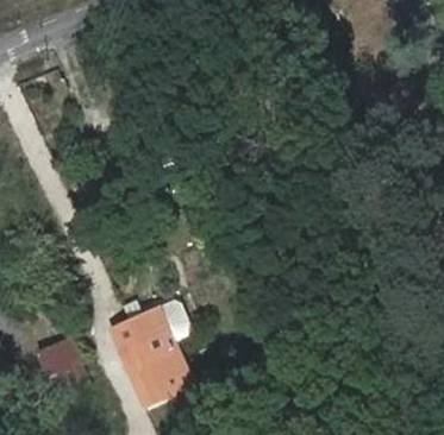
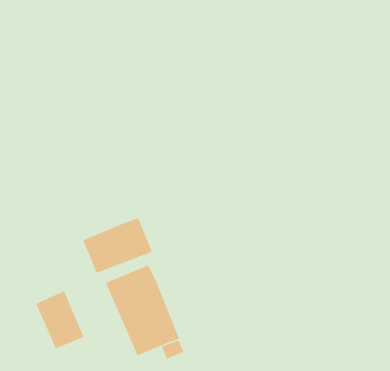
building: none -> [82,218,153,274]

